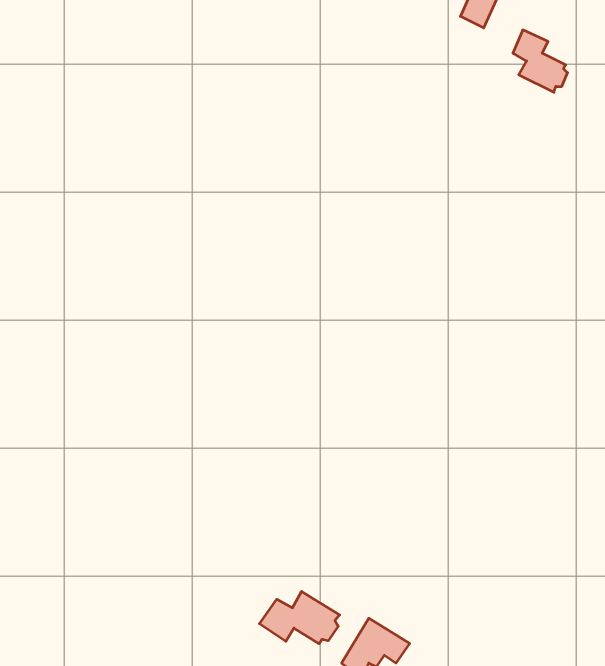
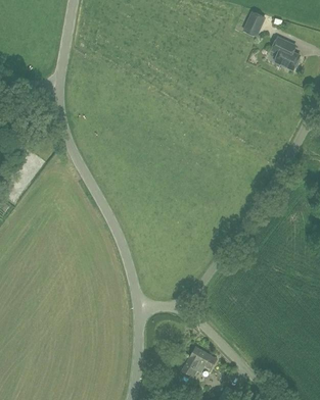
building: [259,591,340,644] -> none

